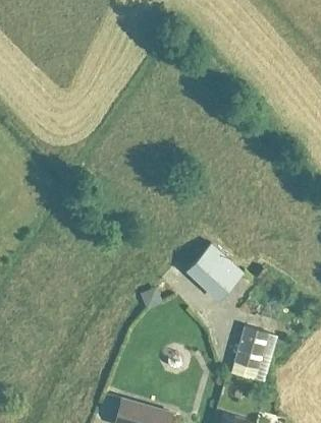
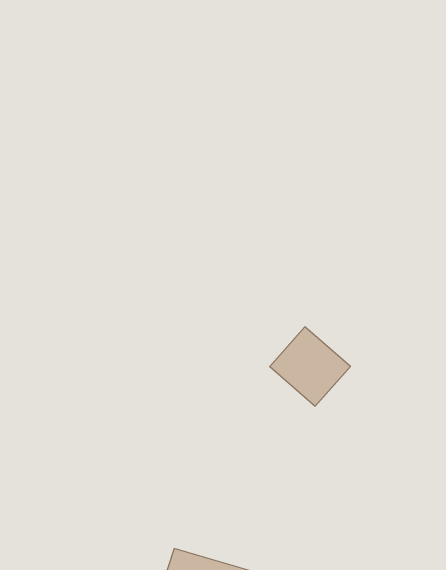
building: [234,330,269,372] -> none

